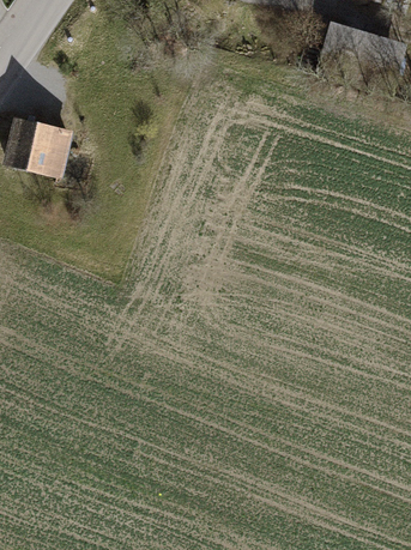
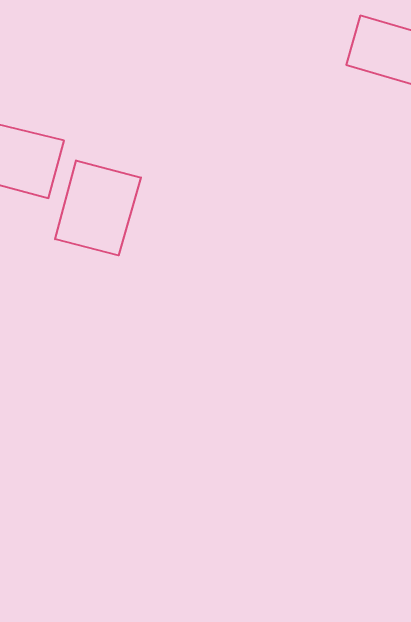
building: none -> [55,160,141,255]

